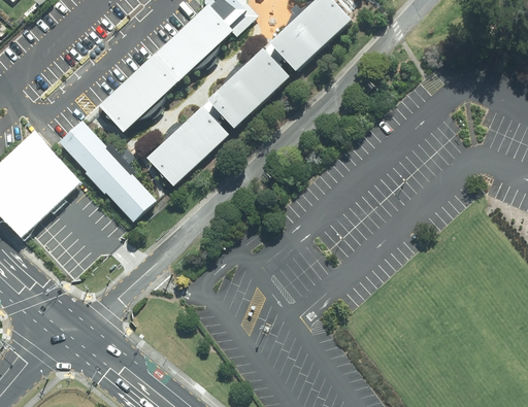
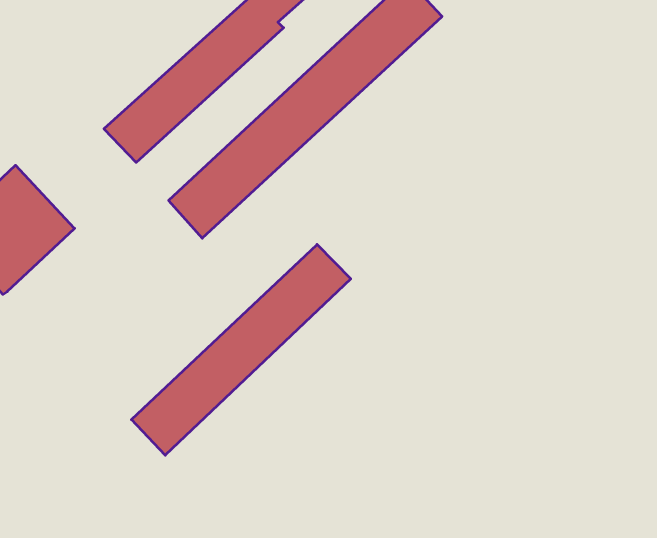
building: [58,121,155,221] -> none
building: none -> [131,244,351,455]

